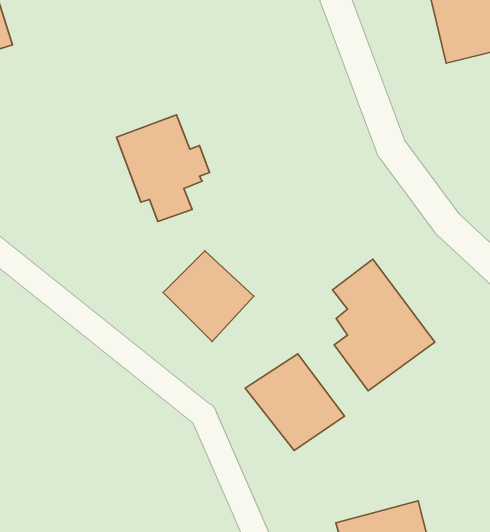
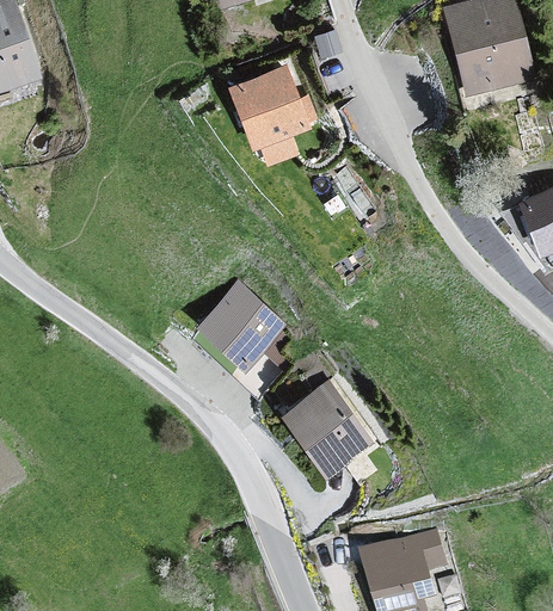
building: [116,115,209,222] -> [225,58,315,162]
building: [332,259,435,391] -> none

